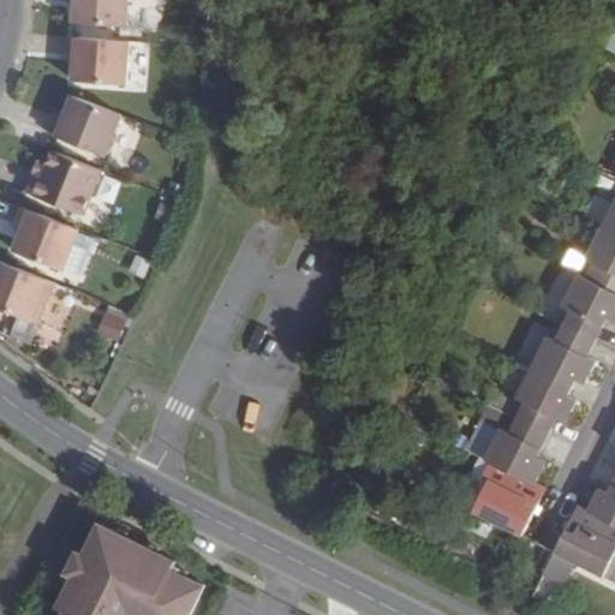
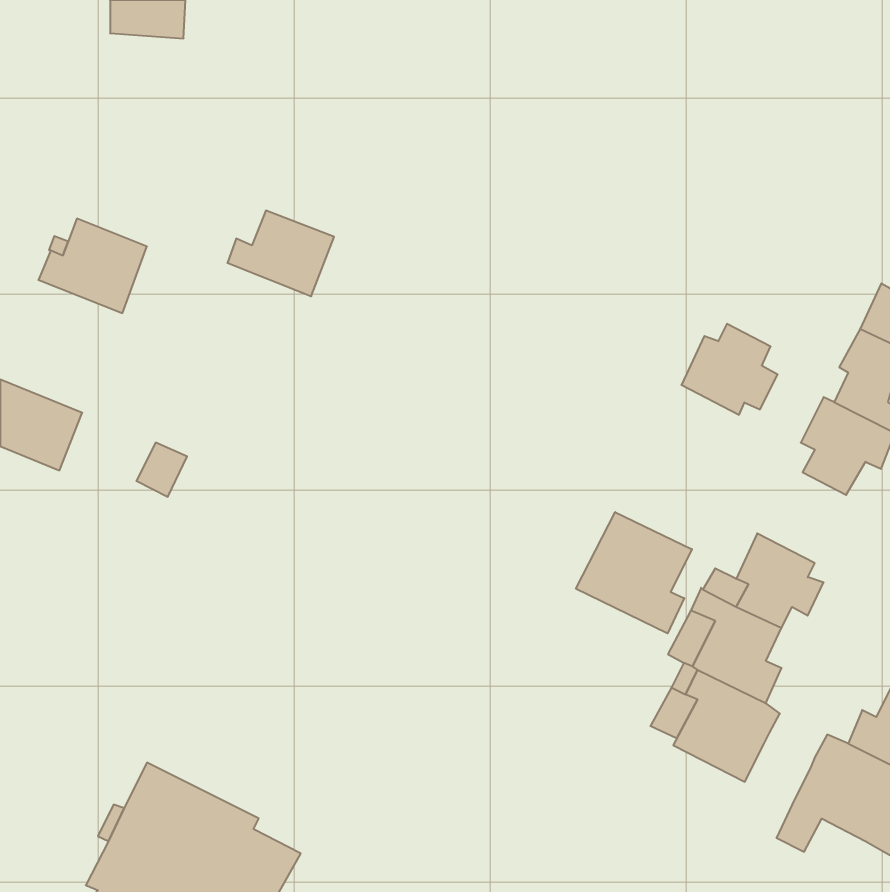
building: [67,37,131,85] -> none
building: [50,97,124,156] -> [227,211,334,296]
building: [17,208,82,271] -> none
building: [523,326,589,388] -> [681,324,778,415]
building: none -> [576,512,692,633]

